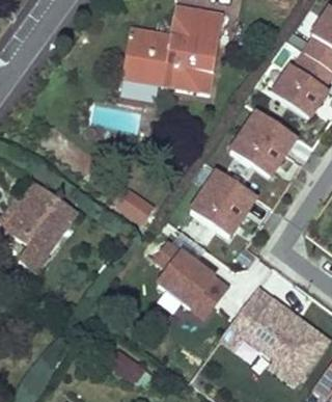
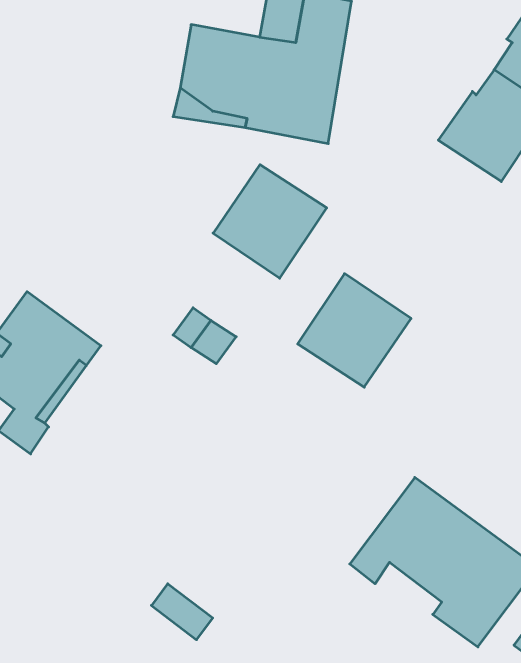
building: [230,111,296,177] -> [213,165,327,278]
building: [155,242,227,317] -> none

